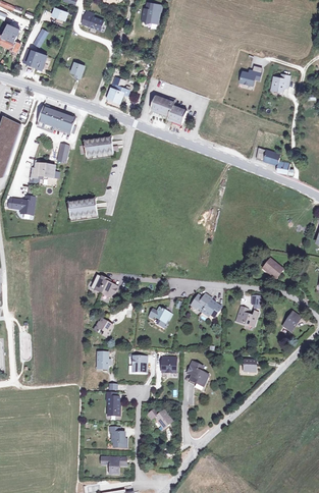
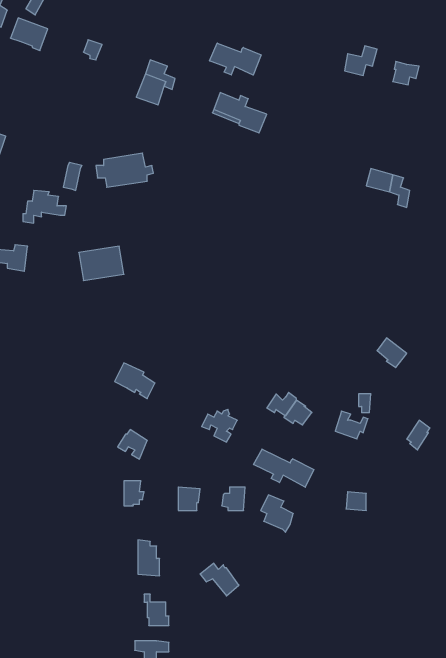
building: none -> [210,43,261,75]
building: [37,105,74,131] -> none
building: none -> [254,449,314,487]

